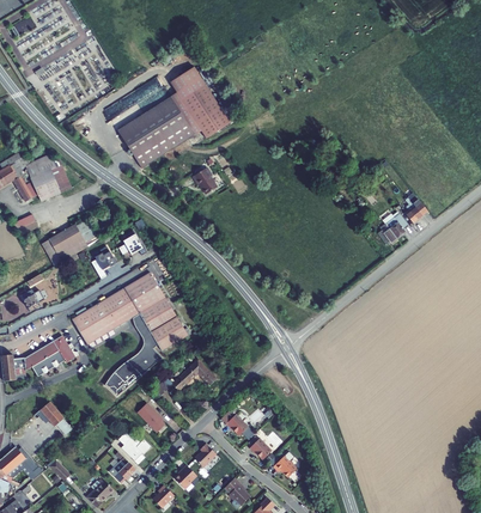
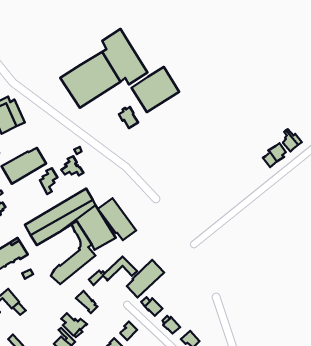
building: none -> [131,67,179,112]
building: none -> [98,198,136,240]
building: none -> [127,260,164,298]

